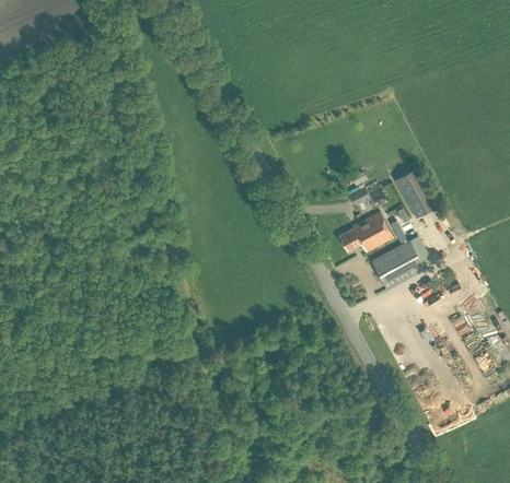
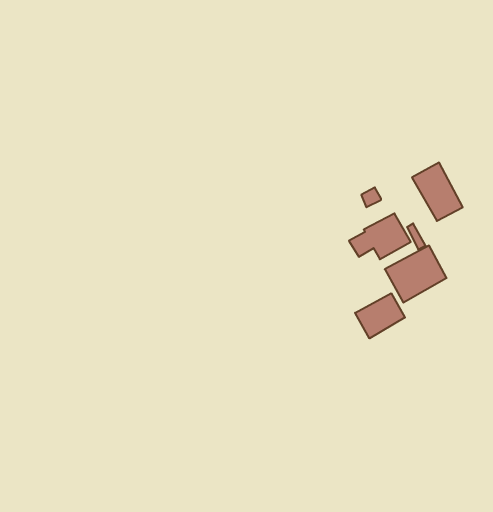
building: none -> [355,293,405,338]

